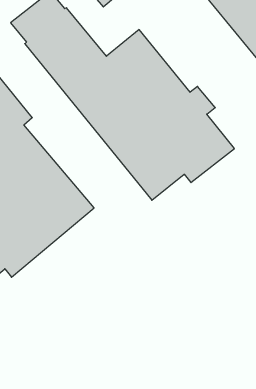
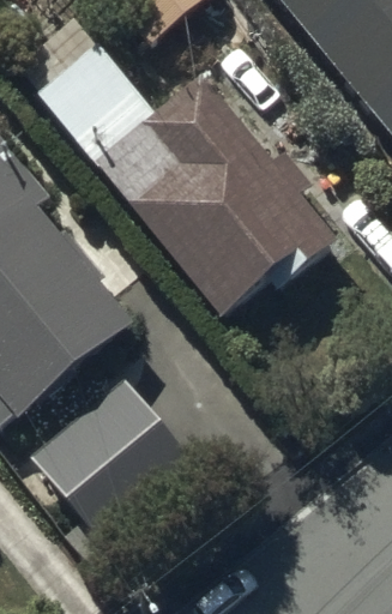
building: none -> [32,380,199,544]

